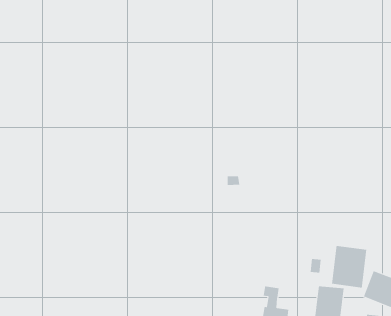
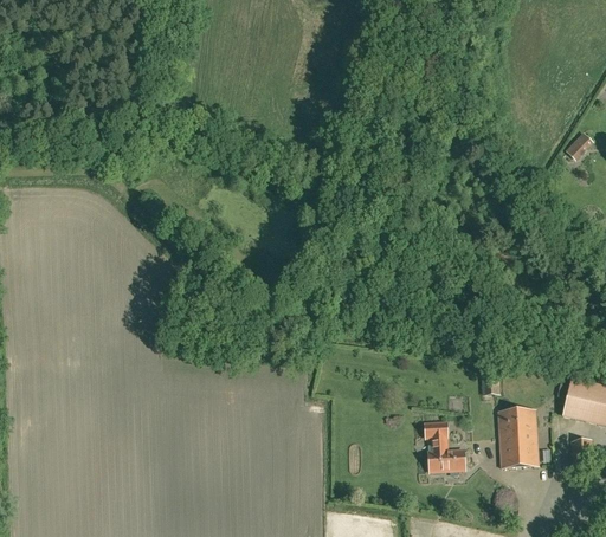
building: [331,245,367,289] -> none

